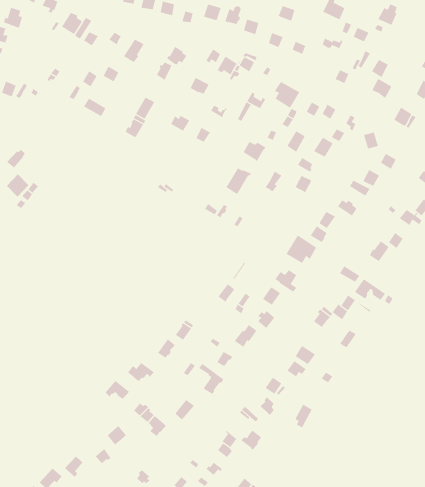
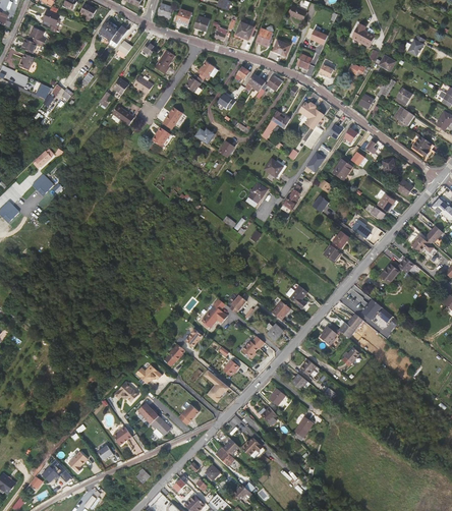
building: [285,235,317,264] -> none
building: none -> [201,297,227,328]

